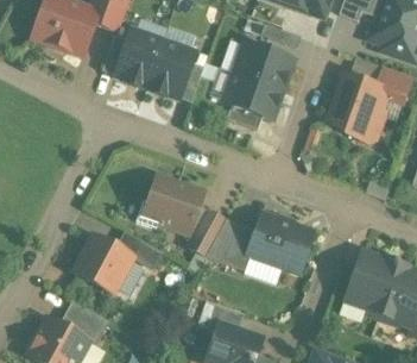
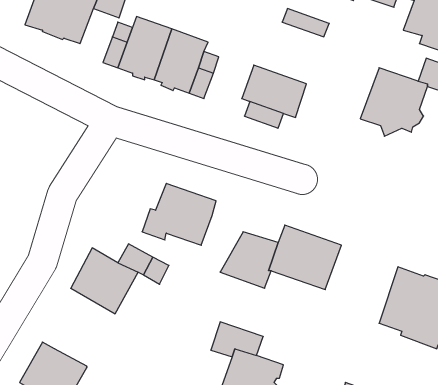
building: [235,43,292,89] -> none
building: [188,206,226,256] -> none
building: [59,300,109,345] -> none

